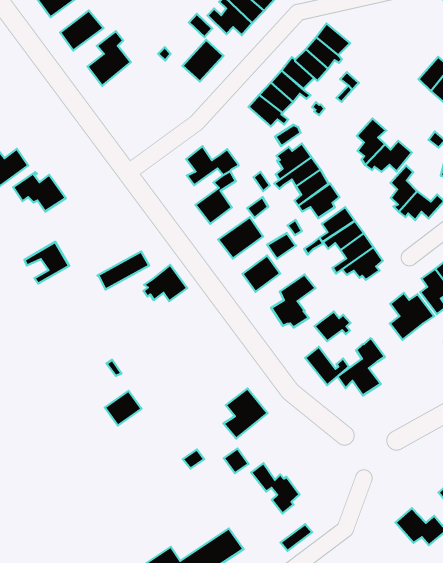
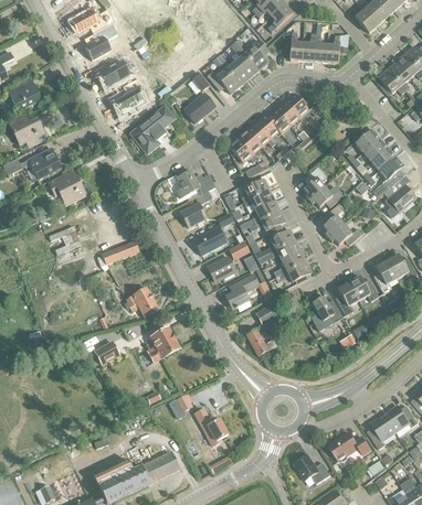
building: none -> [130,106,173,153]
building: [144,265,187,301] -> [124,287,156,313]
building: [338,338,385,396] -> none
building: [224,389,268,439] -> [147,326,180,362]

